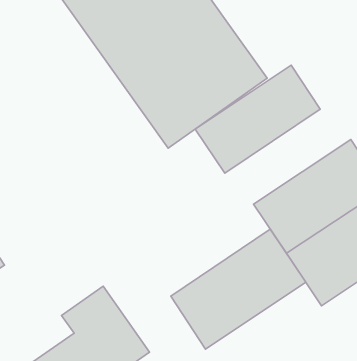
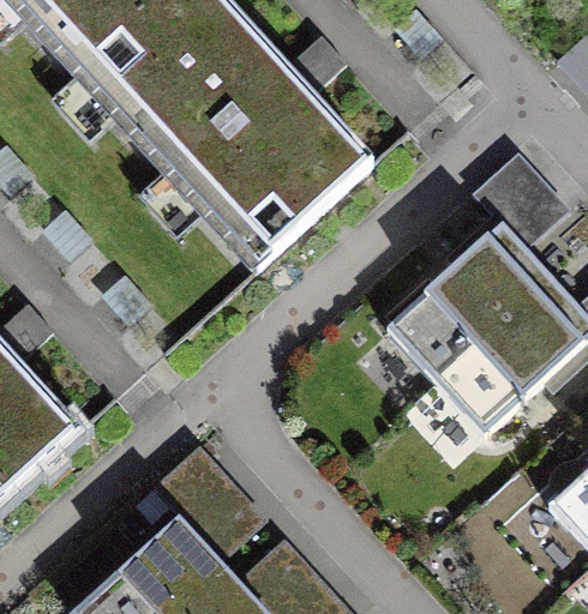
building: [195,65,320,173] -> none
building: [171,229,306,349] -> none

